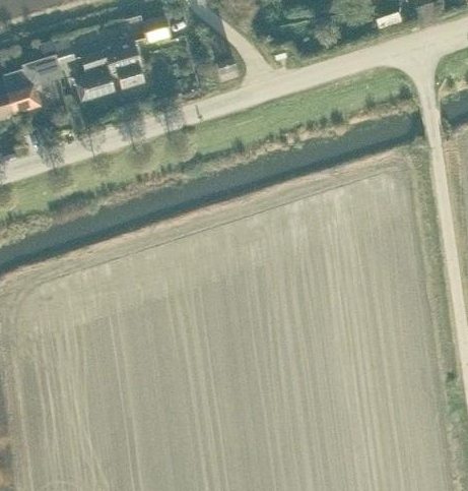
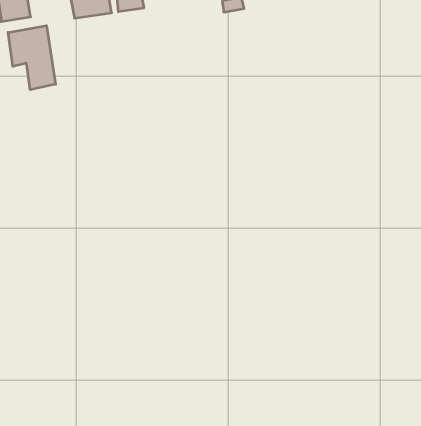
building: none -> [8,26,56,90]

